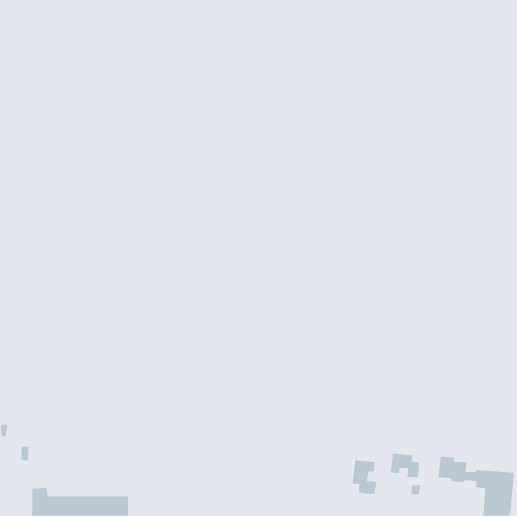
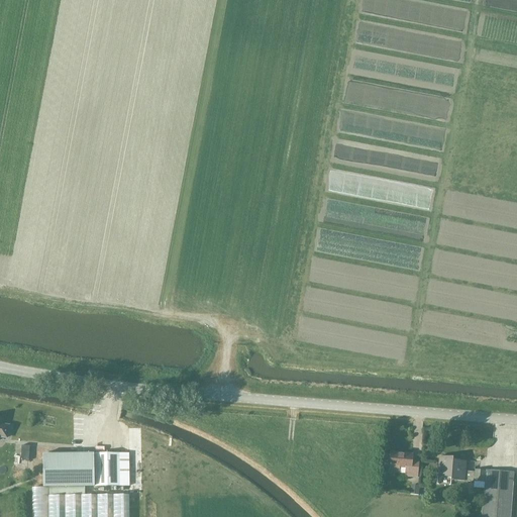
building: none -> [43,451,130,485]
building: [352,460,377,495] -> none

